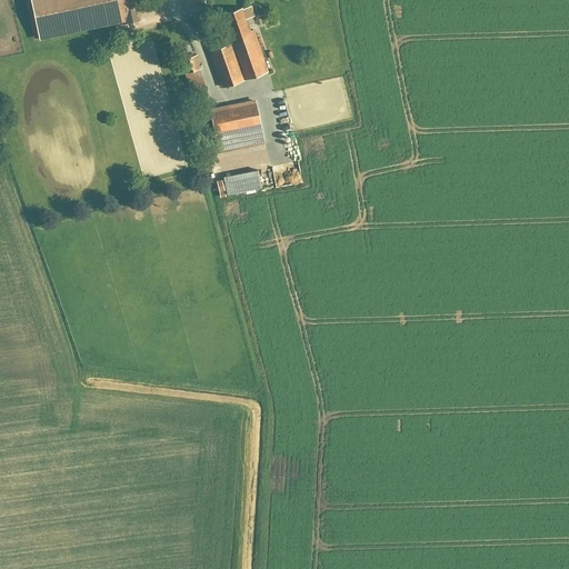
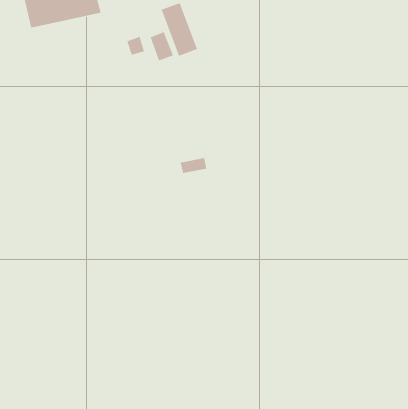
building: [207,100,264,151] -> none
building: [221,171,259,193] -> [180,158,207,174]

